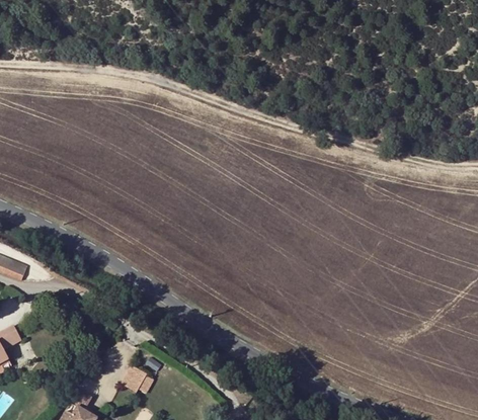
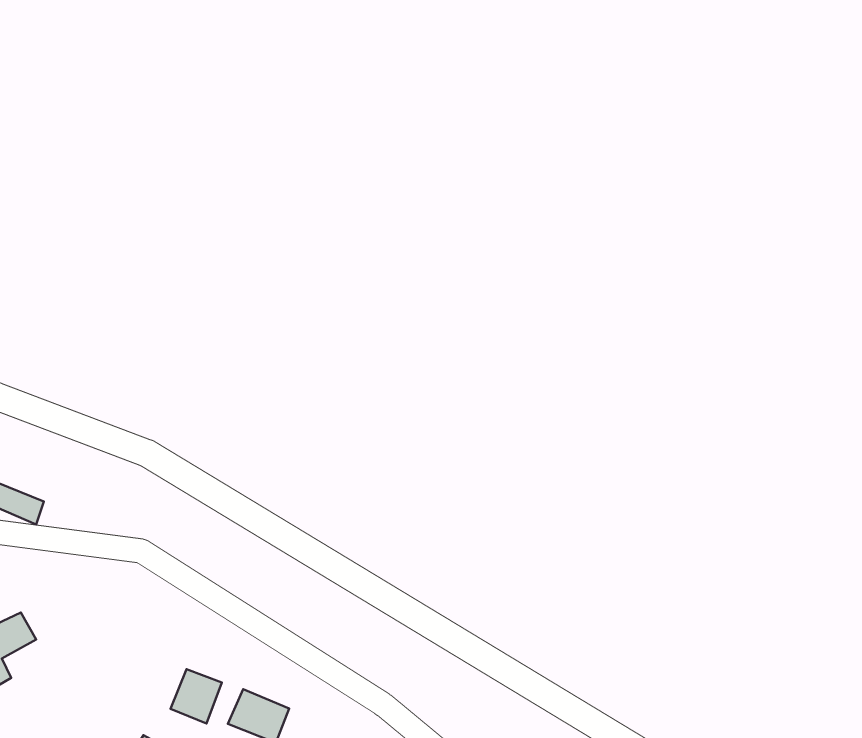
building: none -> [170,669,222,723]

